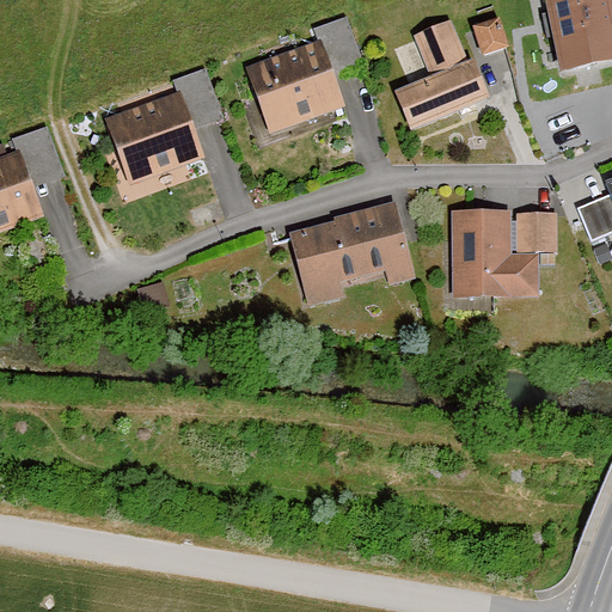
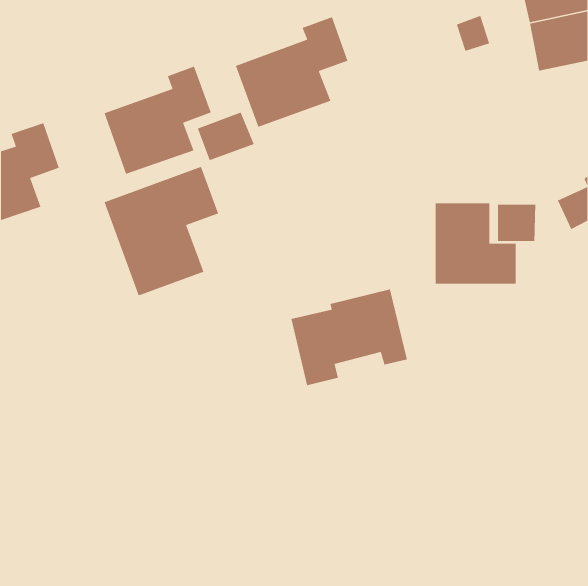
building: [397,20,488,128] -> none
building: none -> [197,112,255,161]
building: none -> [104,166,219,296]
building: [292,202,414,304] -> [290,288,408,386]

